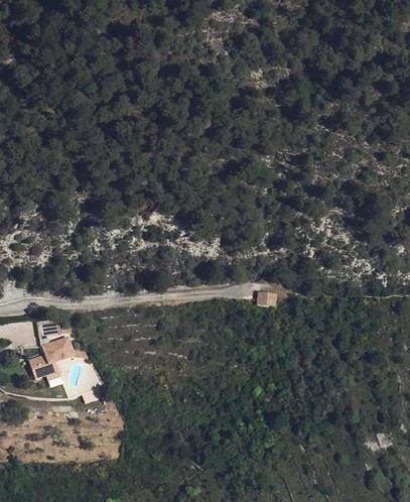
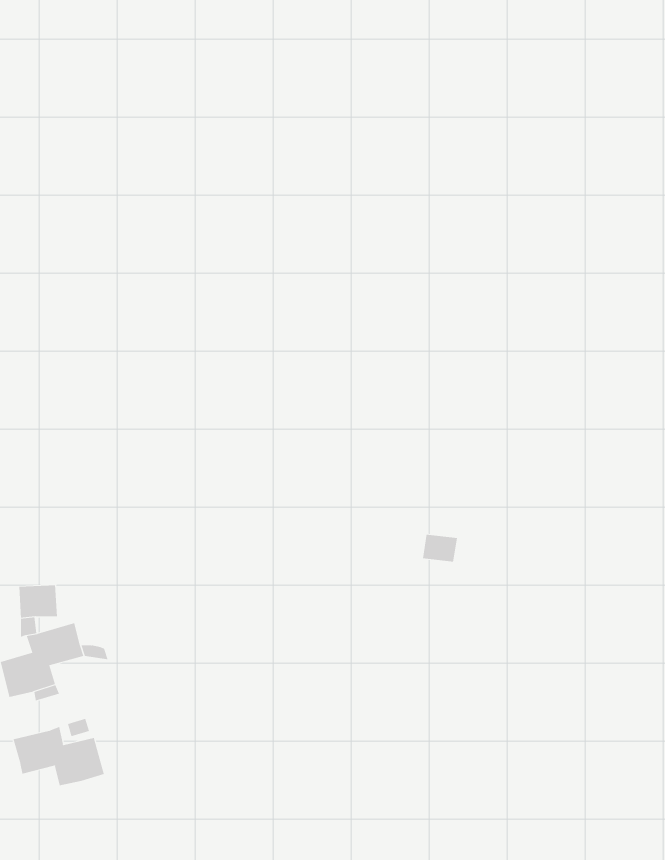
building: none -> [13,726,105,786]

